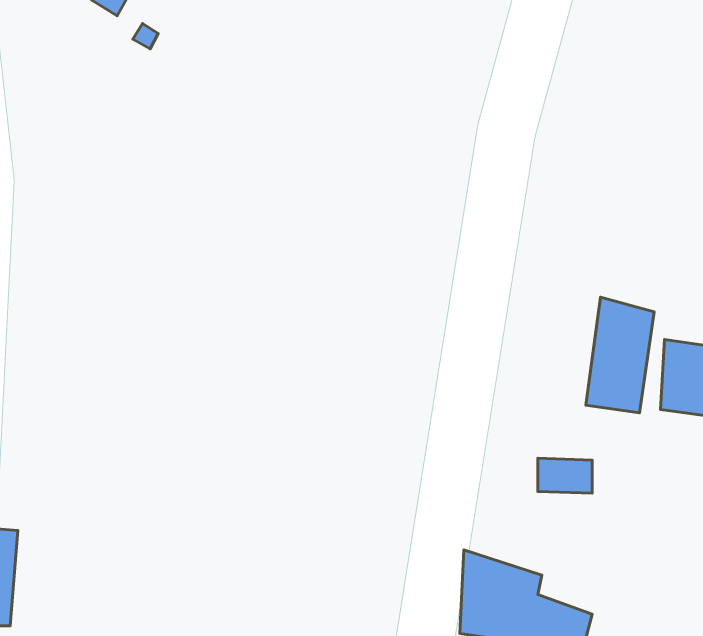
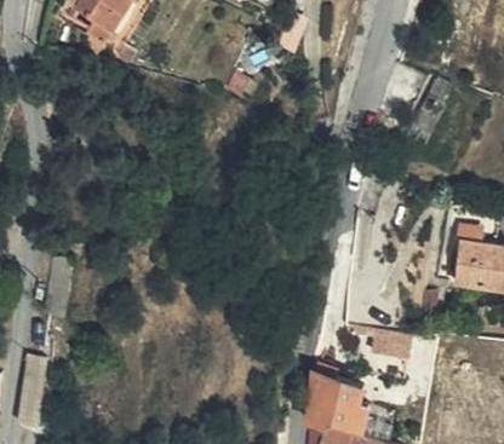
building: [586,297,654,413] -> none

